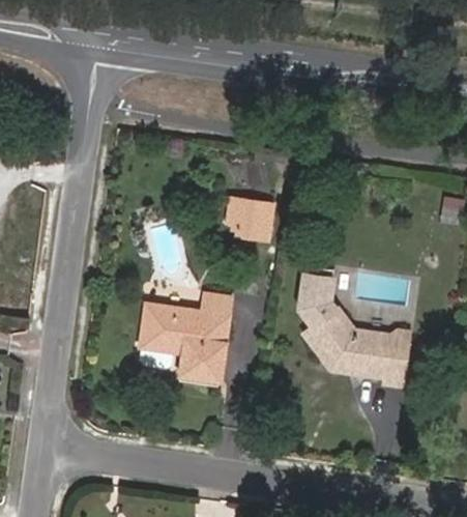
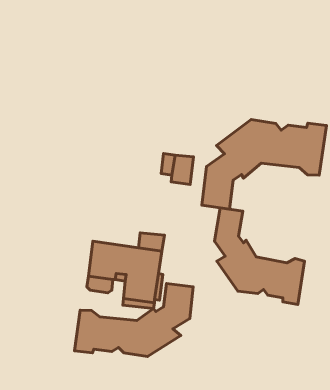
building: none -> [202,120,326,209]
building: none -> [75,283,193,356]

